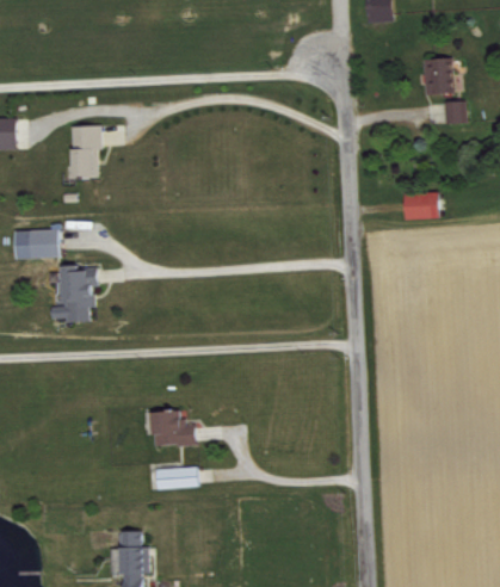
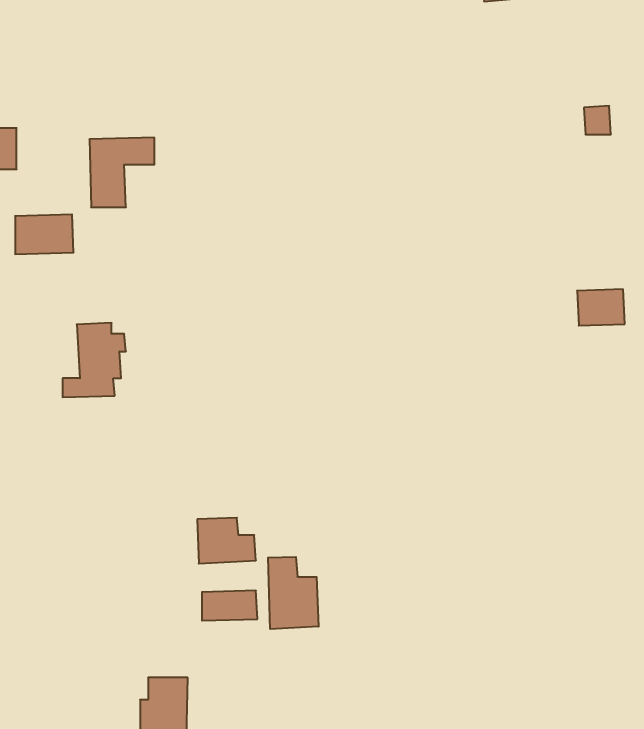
building: [422,58,452,94] -> none
building: [403,192,439,220] -> [577,289,625,326]
building: [14,229,58,259] -> [15,214,74,254]
building: none -> [268,557,319,629]

